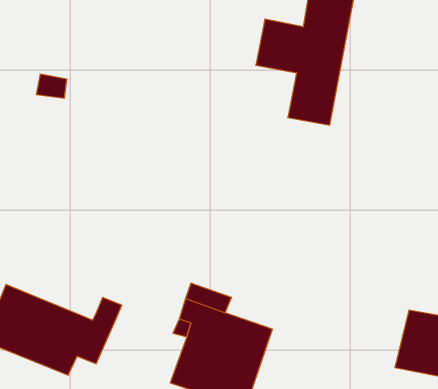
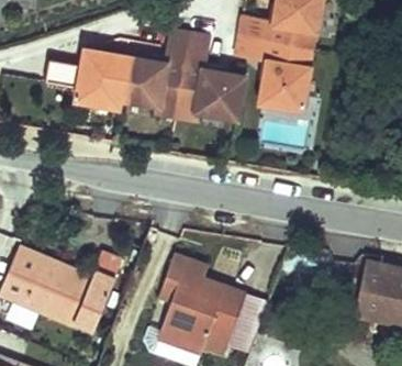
building: none -> [78,33,244,119]

